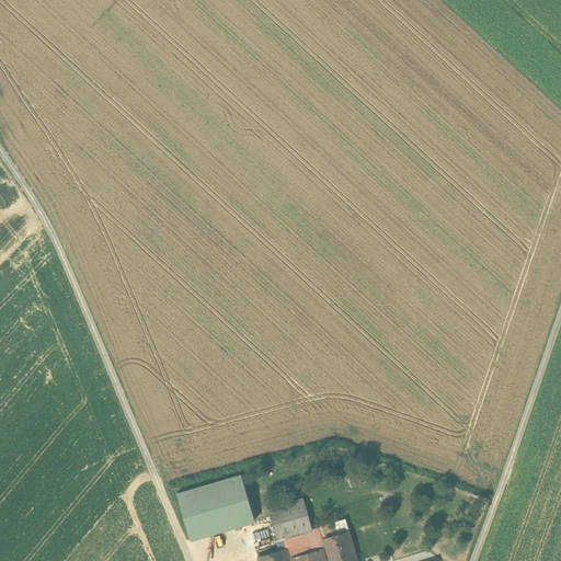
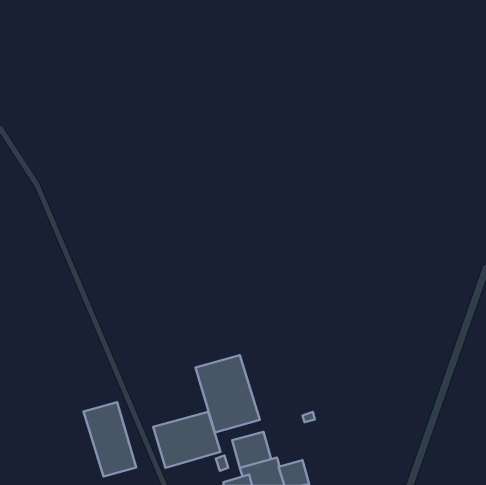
building: none -> [196,355,260,433]
building: none -> [84,402,136,476]

